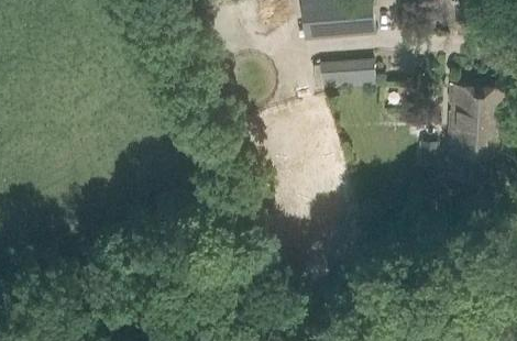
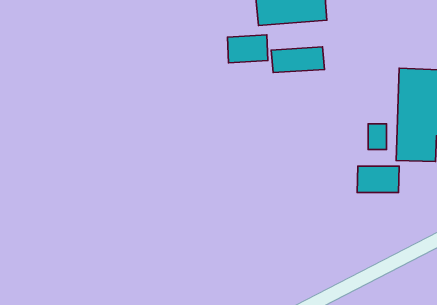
building: none -> [228,35,268,63]
building: none -> [357,166,399,193]

